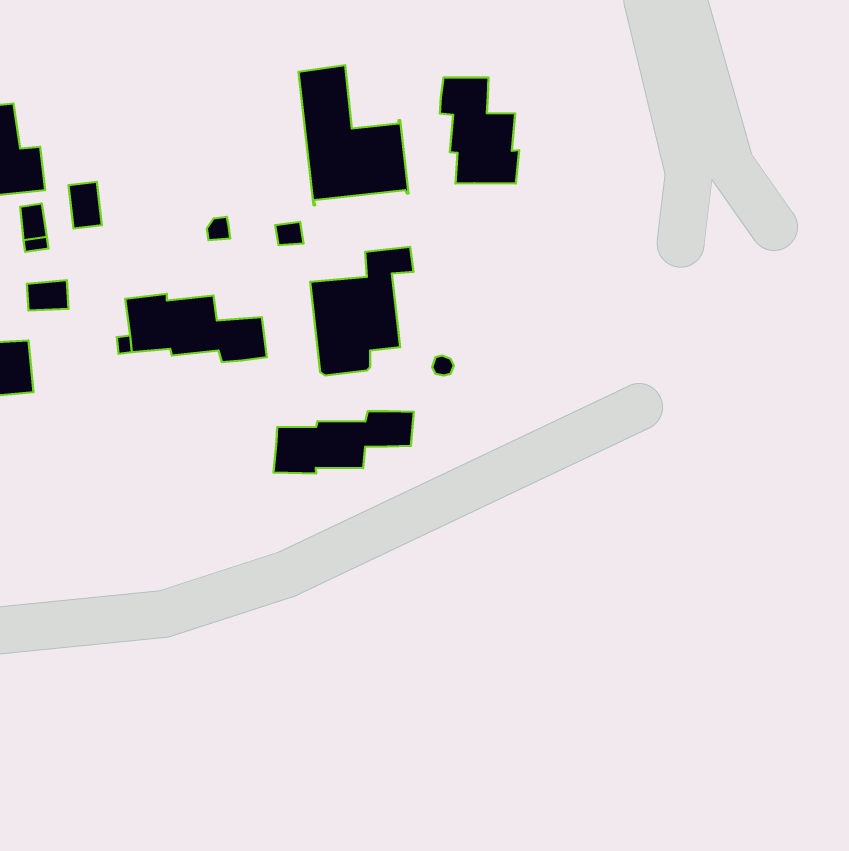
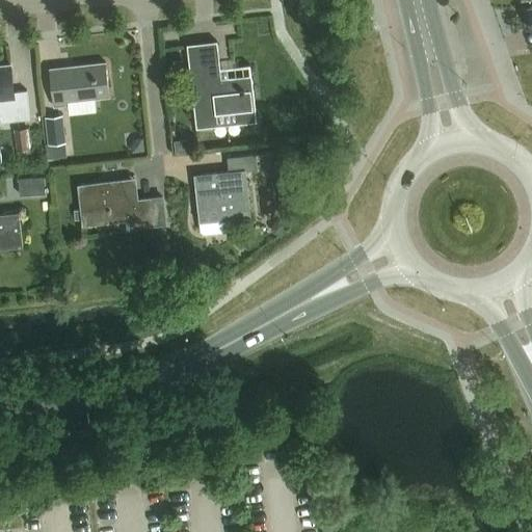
building: [440,77,519,184] -> none
building: none -> [48,64,108,108]
building: [274,411,414,473] -> none

